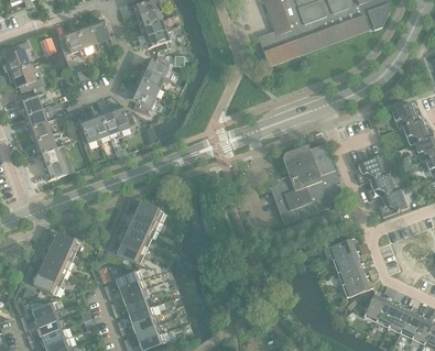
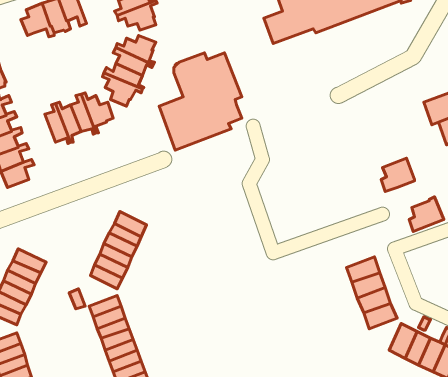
building: [270,143,338,223] -> [159,53,242,150]
building: [367,172,395,200] -> none

